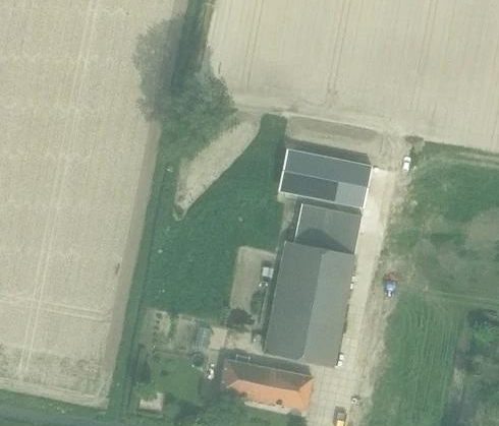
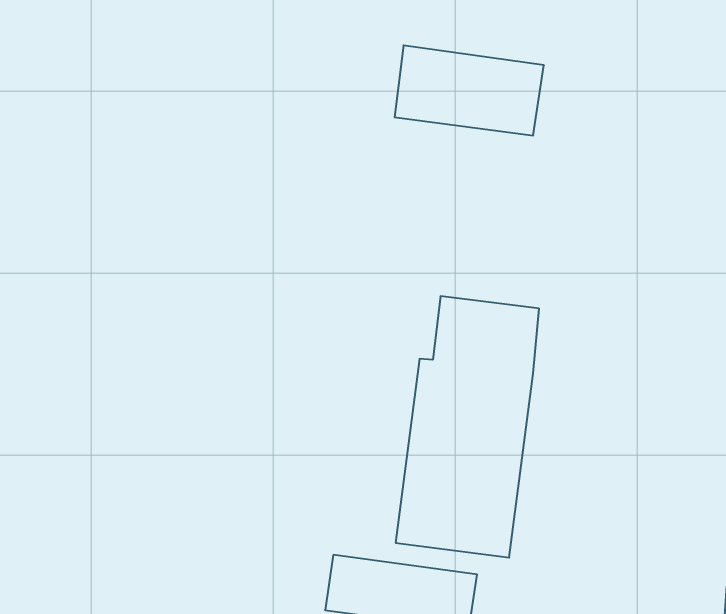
building: [278,148,372,208] -> [395,45,544,135]

